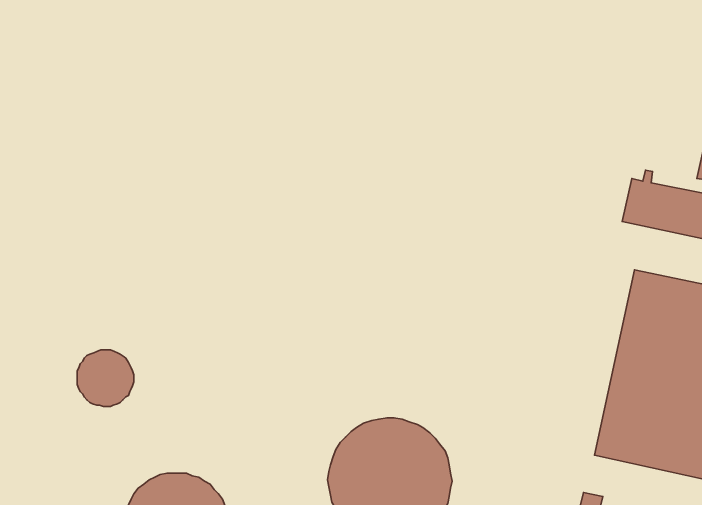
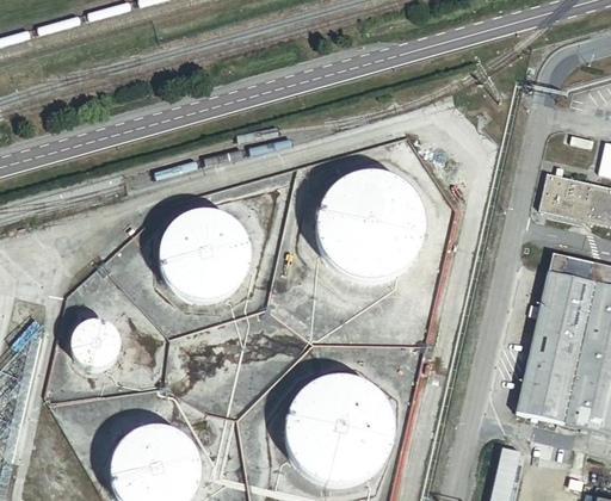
building: none -> [315,172,421,278]
building: none -> [159,210,248,301]

